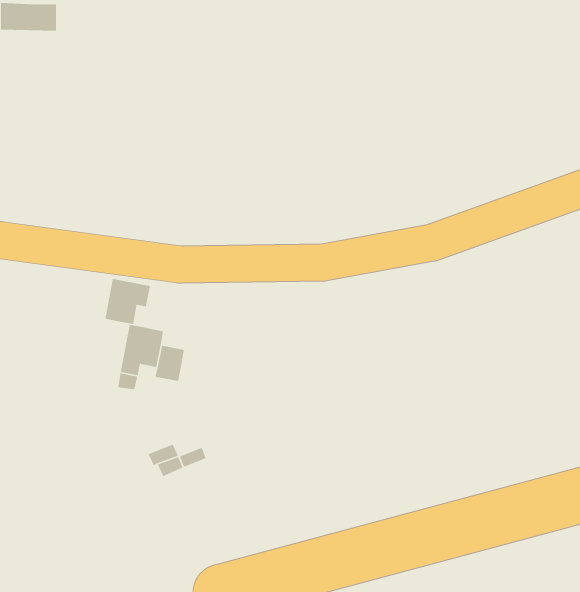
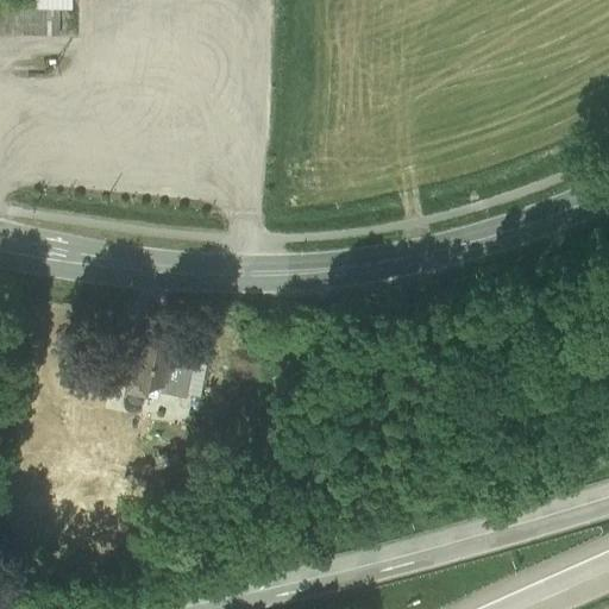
building: [105,278,151,325] -> none

